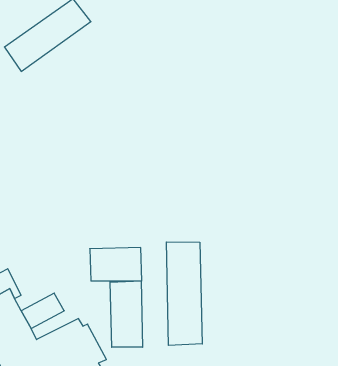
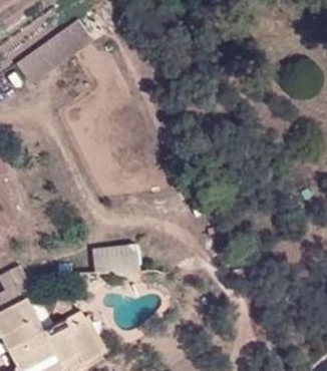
building: [166,242,202,345] -> none
building: [110,281,143,347] -> none

